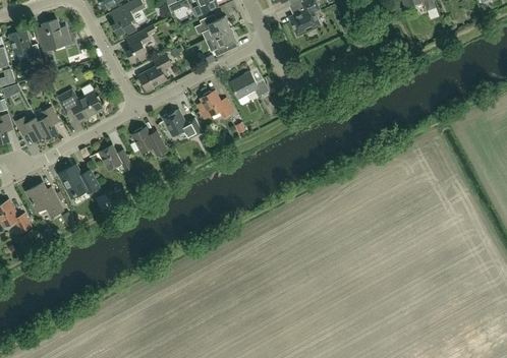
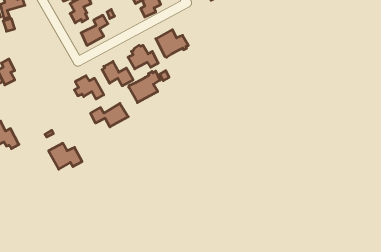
building: [57,90,102,118] -> none
building: none -> [129,71,160,103]
building: [99,145,132,170] -> none
building: none -> [91,103,128,127]
building: [58,165,99,196] -> [49,143,82,169]

